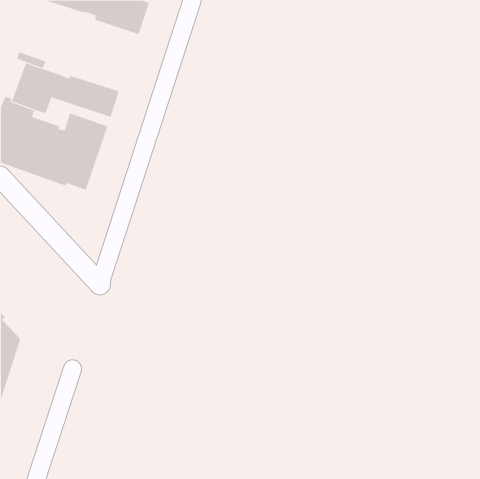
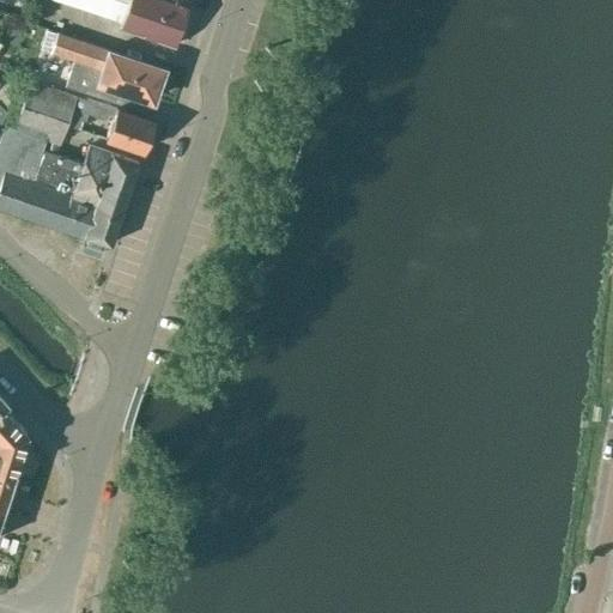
building: none -> [42,31,164,113]

